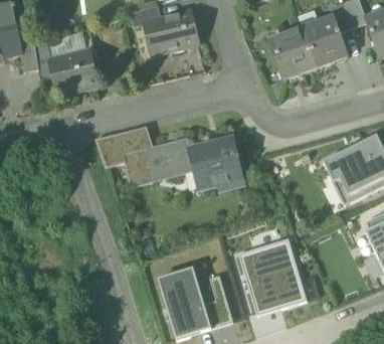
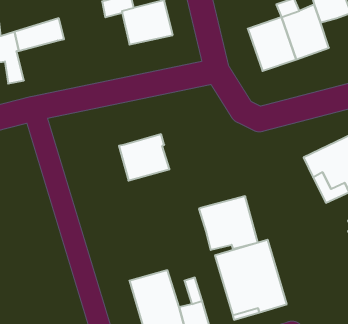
building: [49,48,98,95] -> none
building: [97,127,156,188] -> none
building: [188,137,244,188] -> [199,196,258,250]

